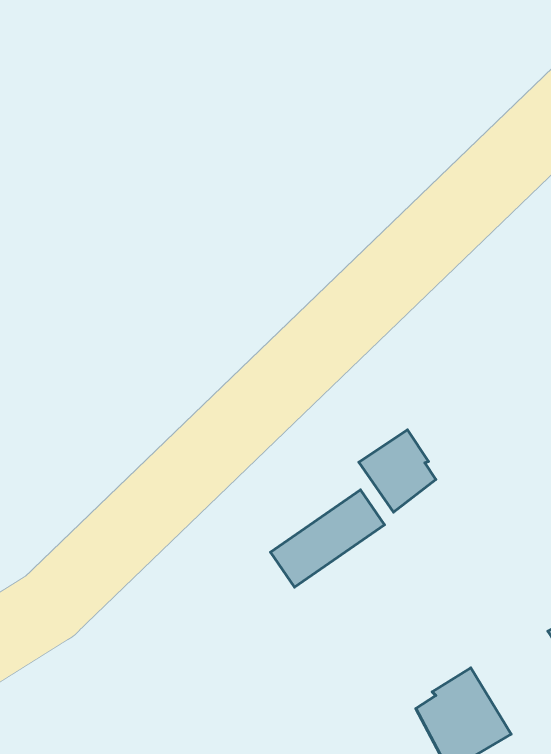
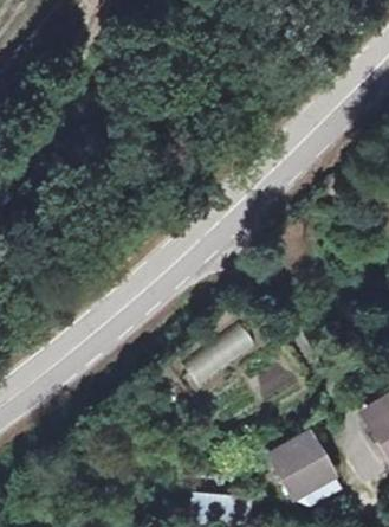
building: [359,430,436,512] -> none

